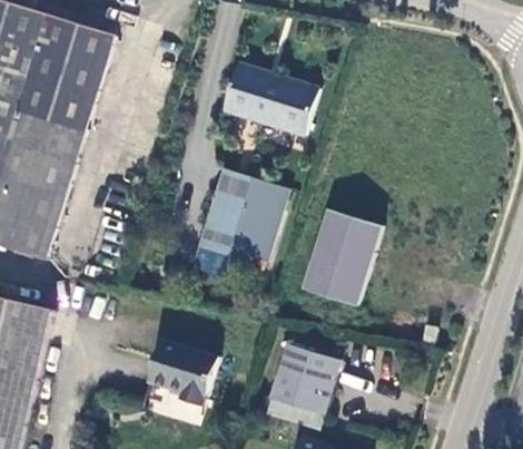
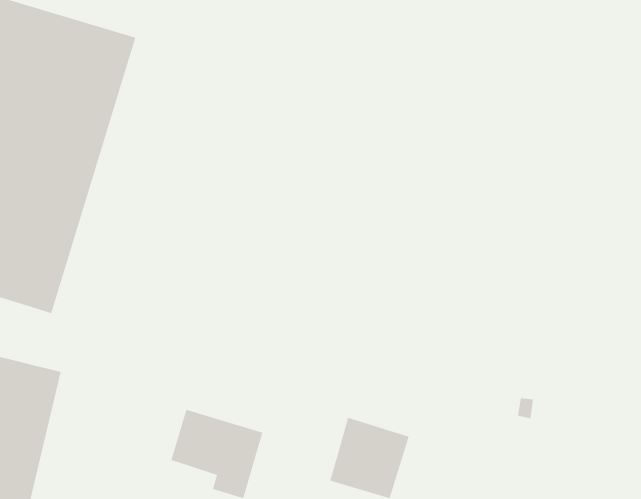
building: [221,65,316,136] -> none
building: [195,168,285,266] -> none
building: [304,212,372,304] -> none

